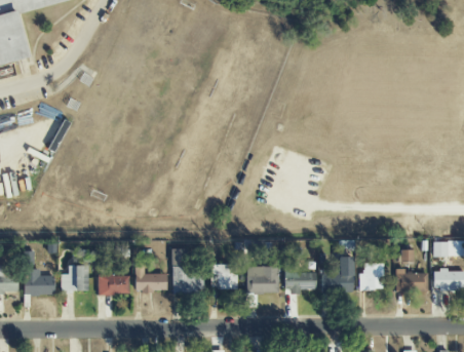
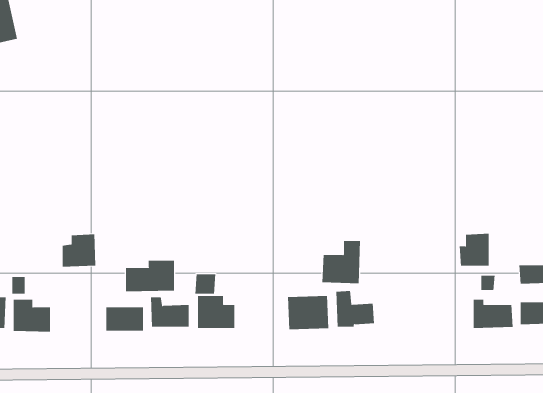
building: none -> [125,260,174,292]
building: [321,257,353,291] -> [322,241,361,284]
building: [358,263,383,289] -> [459,233,489,266]
building: [210,264,237,288] -> none
building: [61,265,88,291] -> [62,234,96,267]

